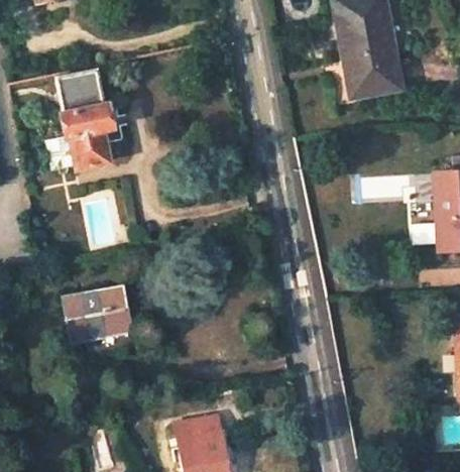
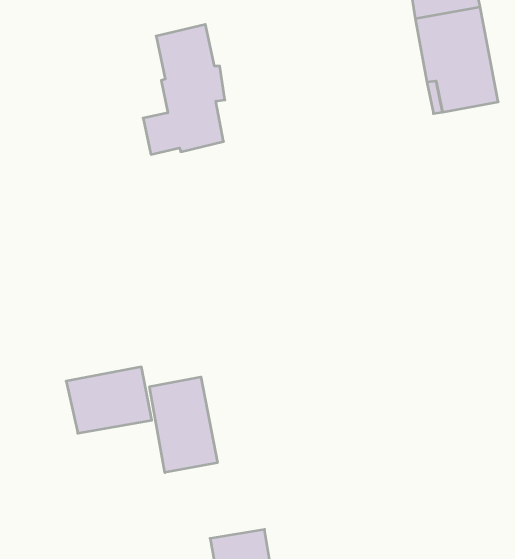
building: [47,74,111,174] -> [143,24,225,154]
building: none -> [150,377,217,473]

